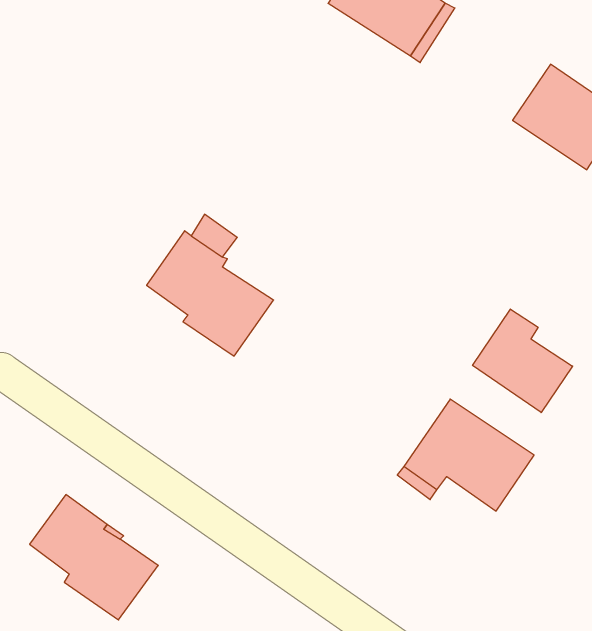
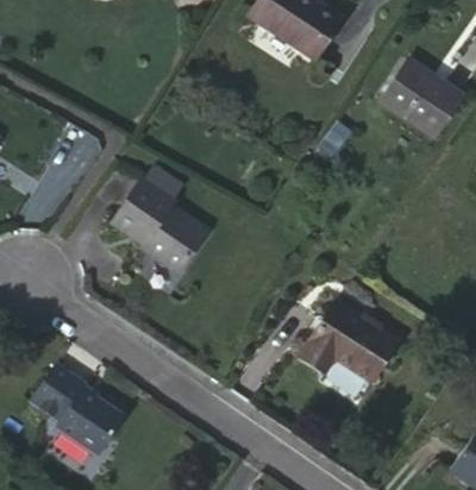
building: [473,309,573,413] -> none

